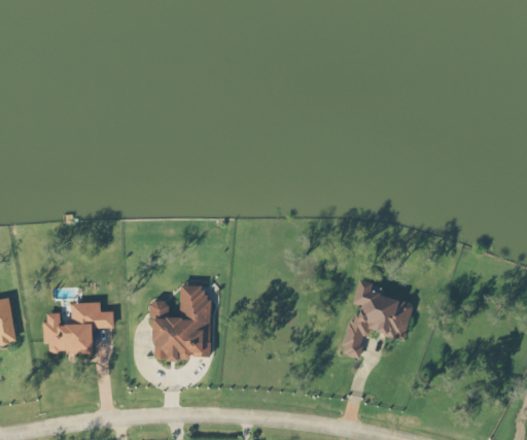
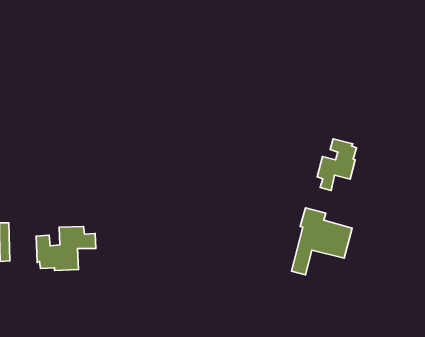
building: none -> [317,139,357,191]
building: [150,284,211,360] -> none

